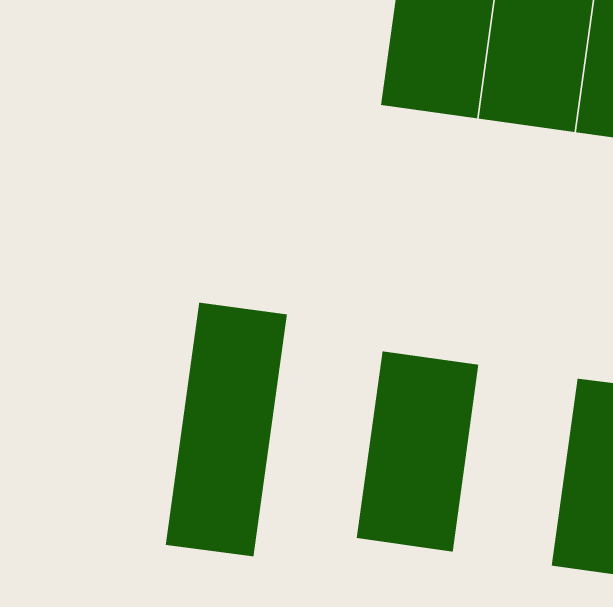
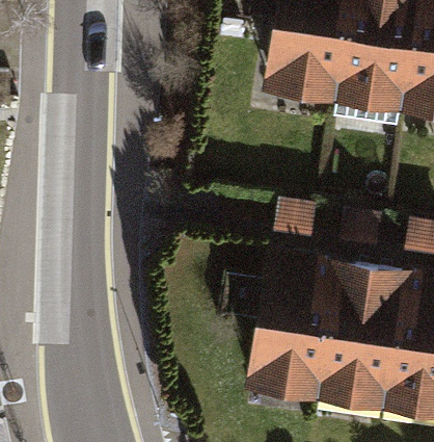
building: [165,302,287,557] -> none
building: none -> [318,271,402,409]

